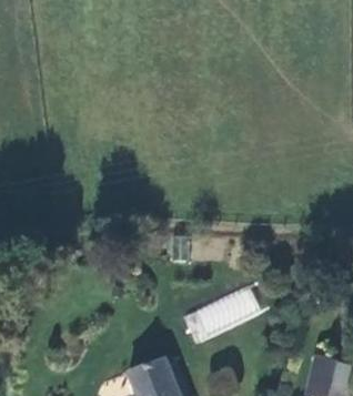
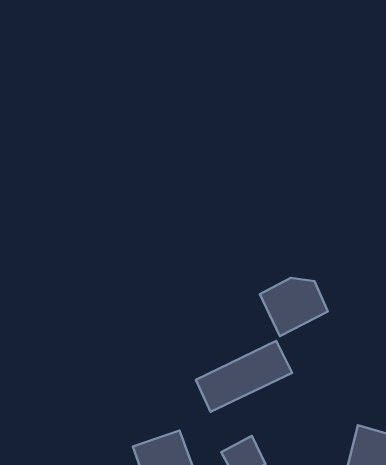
building: none -> [260,278,328,336]

